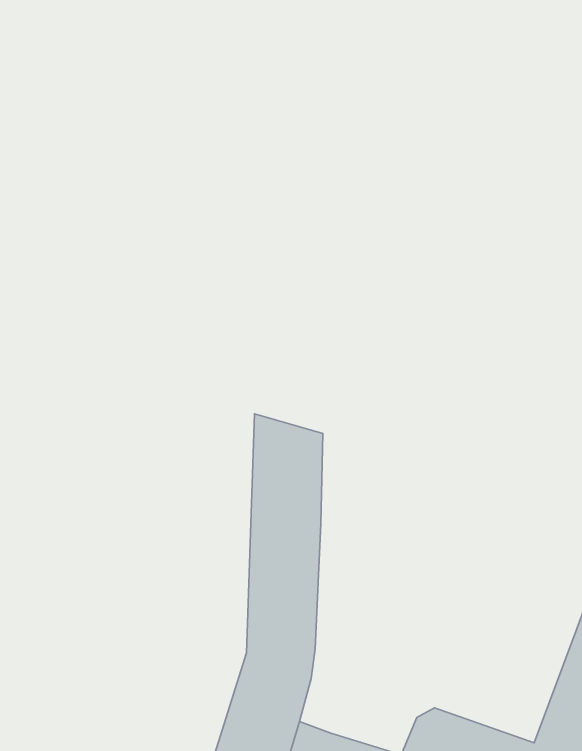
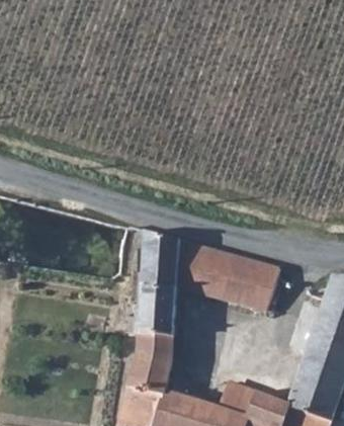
building: none -> [176,241,280,313]

